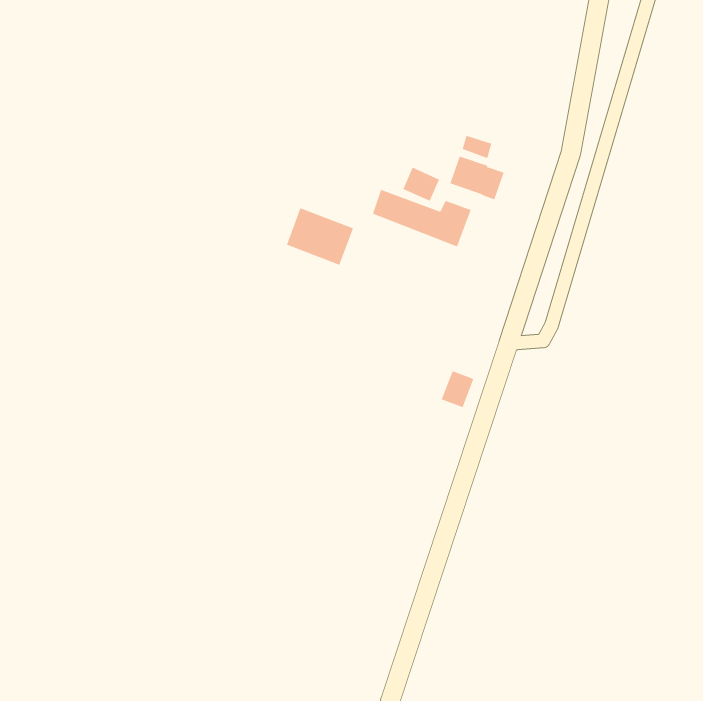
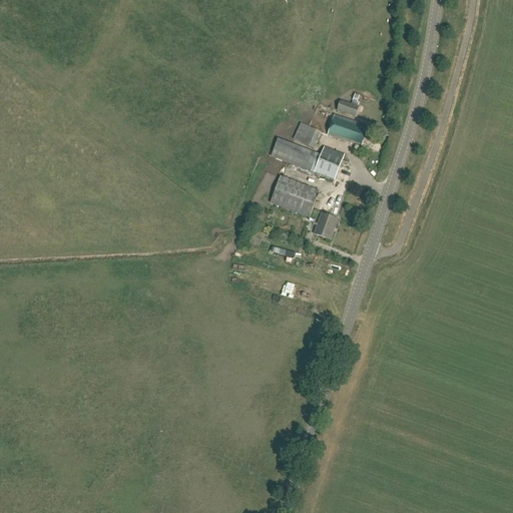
building: [286,207,354,265] -> [270,174,319,216]
building: [441,371,474,408] -> [313,211,337,238]

